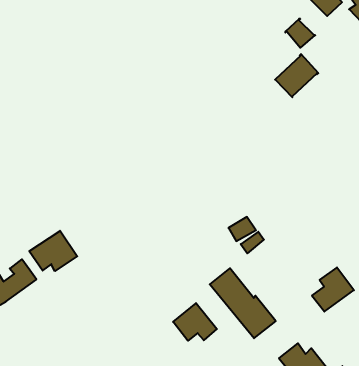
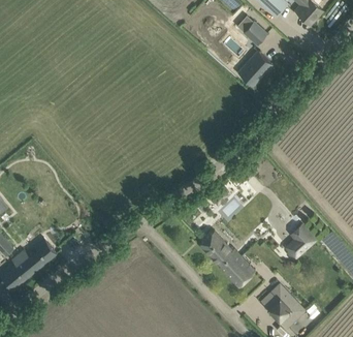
building: [29,231,77,271] -> none
building: [173,303,217,341] -> none

